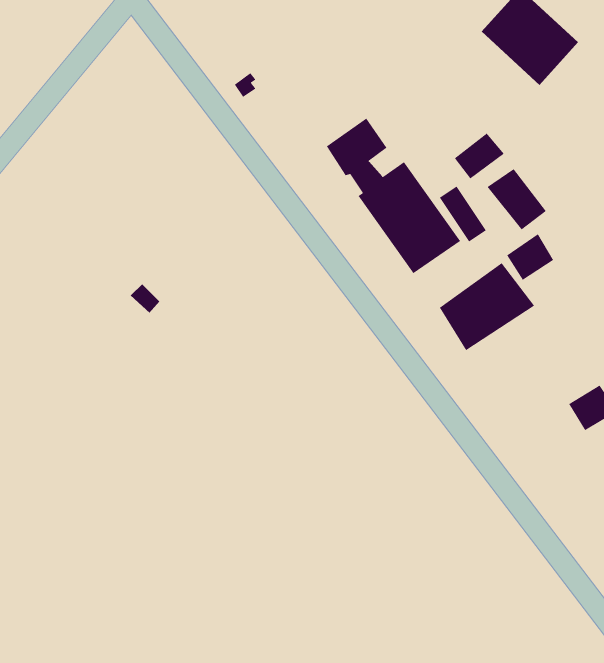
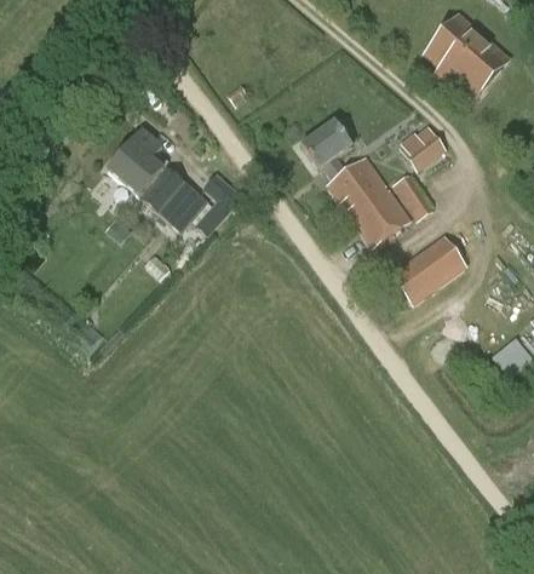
building: none -> [107,127,240,234]
building: [487,168,547,230] -> none
building: [506,233,554,281] -> none

